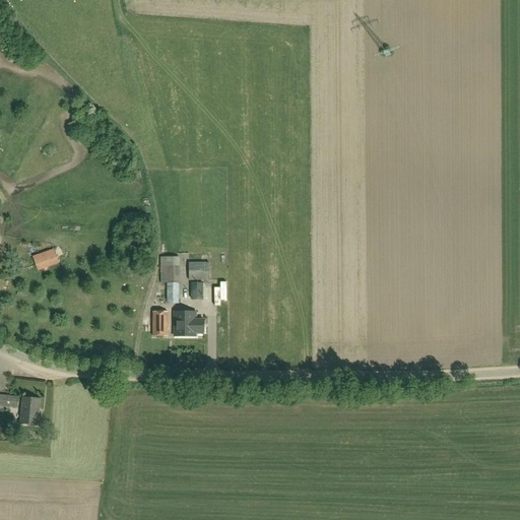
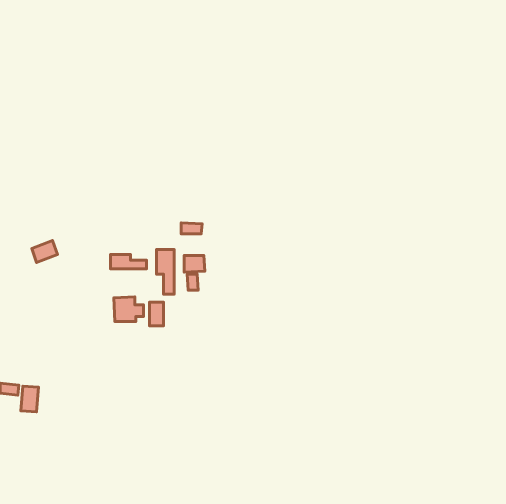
building: none -> [111,254,147,269]
building: [174,310,204,335] -> [114,297,144,322]

